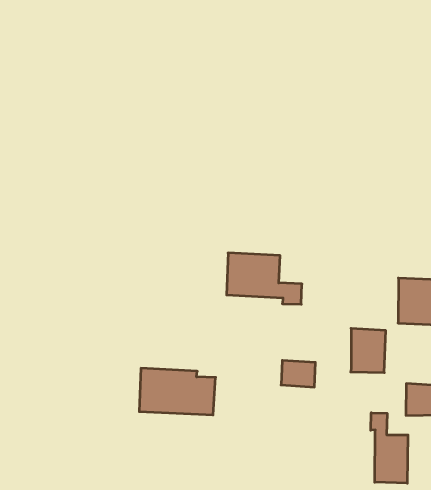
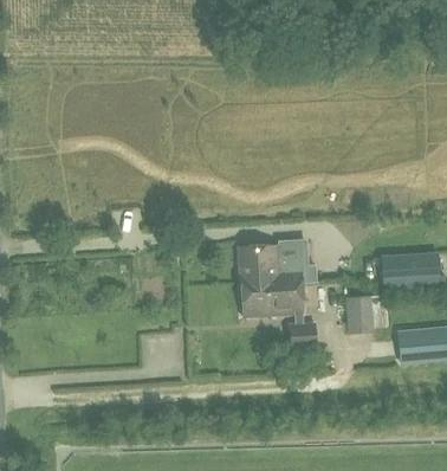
building: [139,368,216,415] -> [242,278,305,316]
building: [371,413,408,483] -> none

